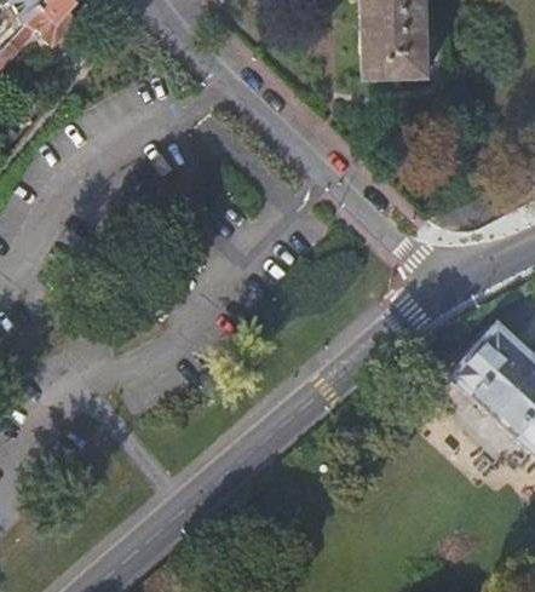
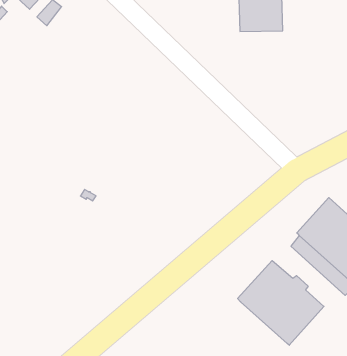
building: none -> [238,261,324,345]

